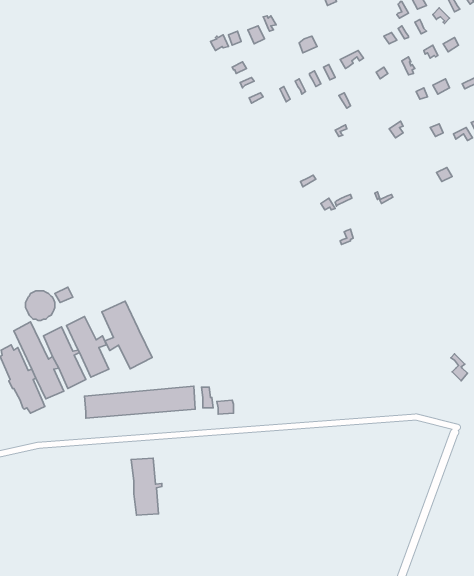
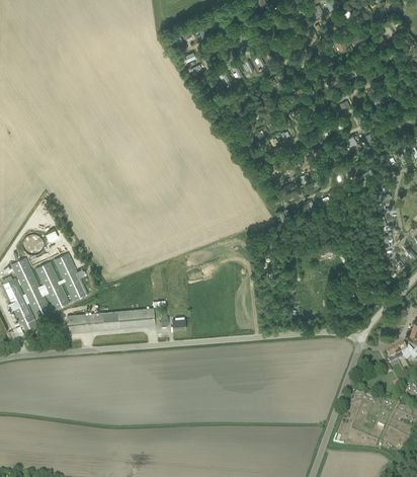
building: [102,301,152,369] -> none
building: [131,458,162,515] -> none

